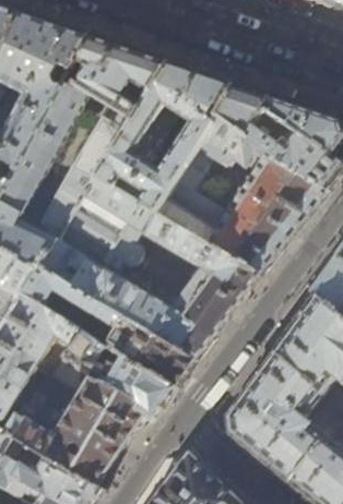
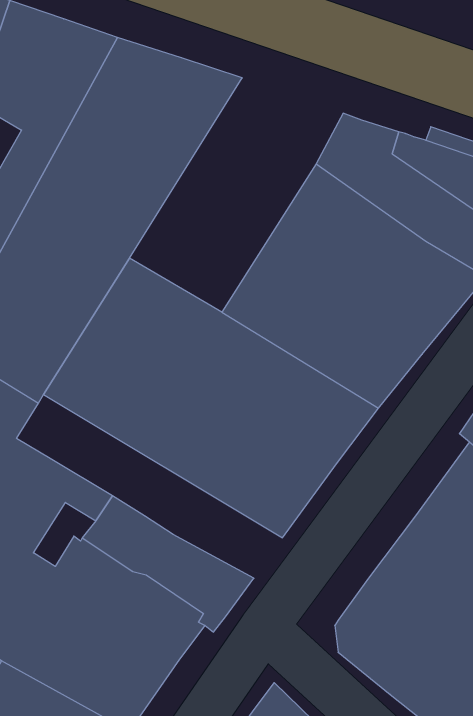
building: [92,62,230,214] -> none
building: [19,267,191,386] -> none

